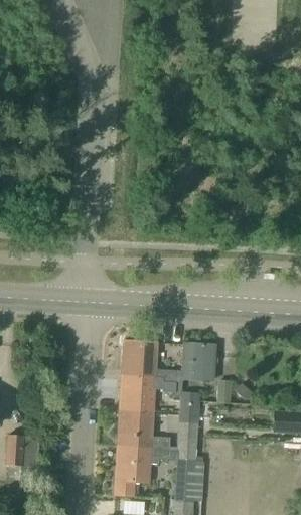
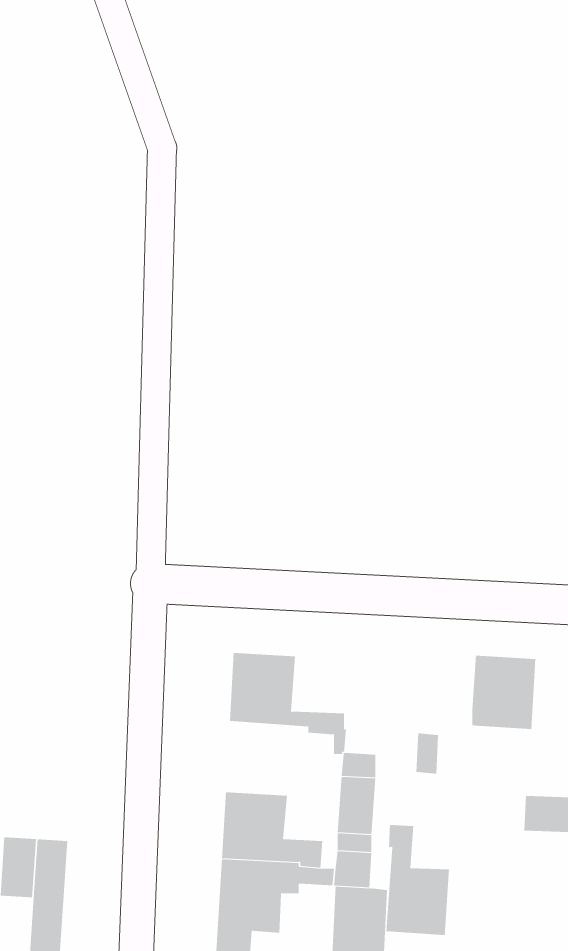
building: [182,343,215,381] -> [471,655,536,730]
building: [121,375,163,413] -> none
building: none -> [386,824,449,936]

